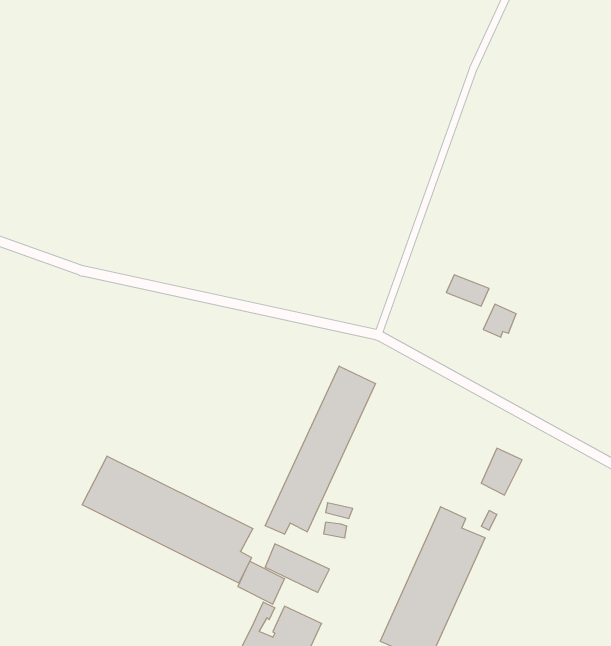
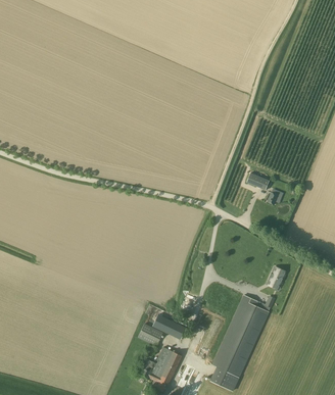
building: [265,366,376,534] -> none
building: [82,456,253,583] -> none

